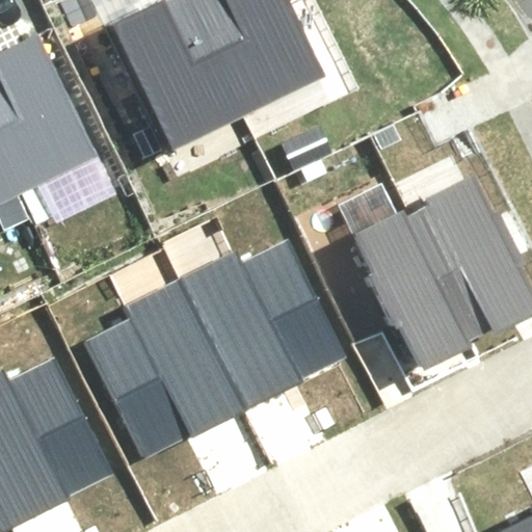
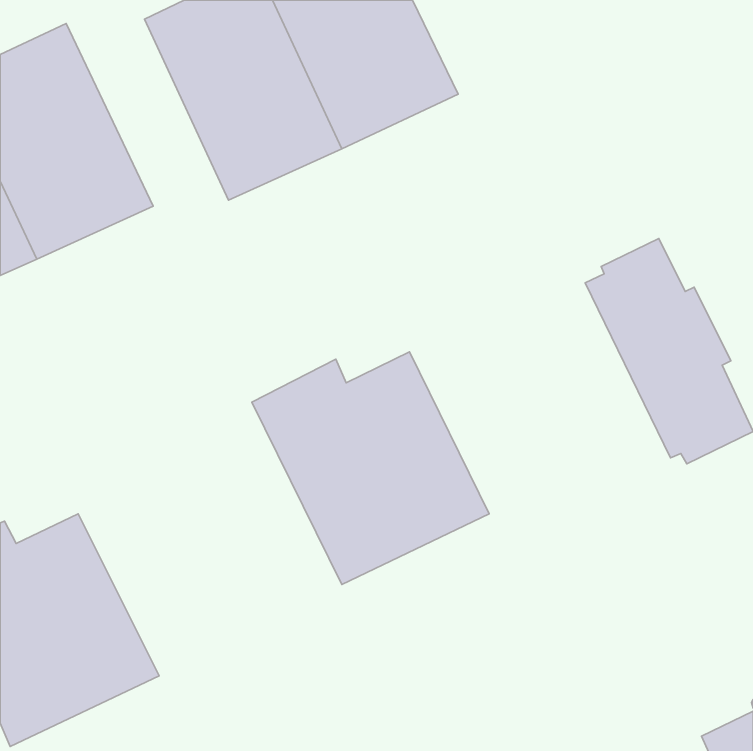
building: [356,201,473,358] -> none
building: [85,285,241,462] -> none

